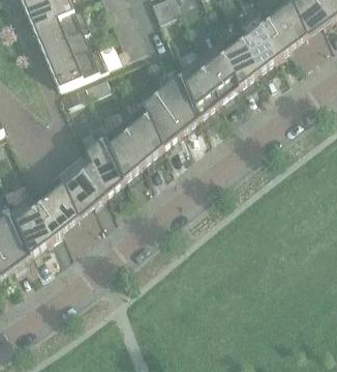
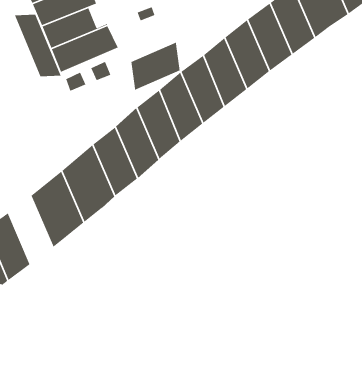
building: none -> [14,14,62,77]
building: none -> [130,42,181,91]
building: [10,195,50,255] -> none

